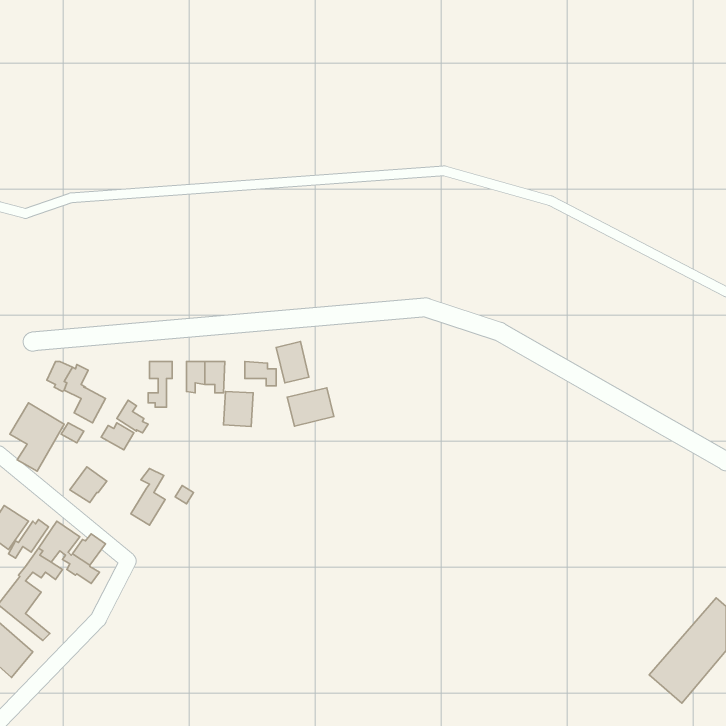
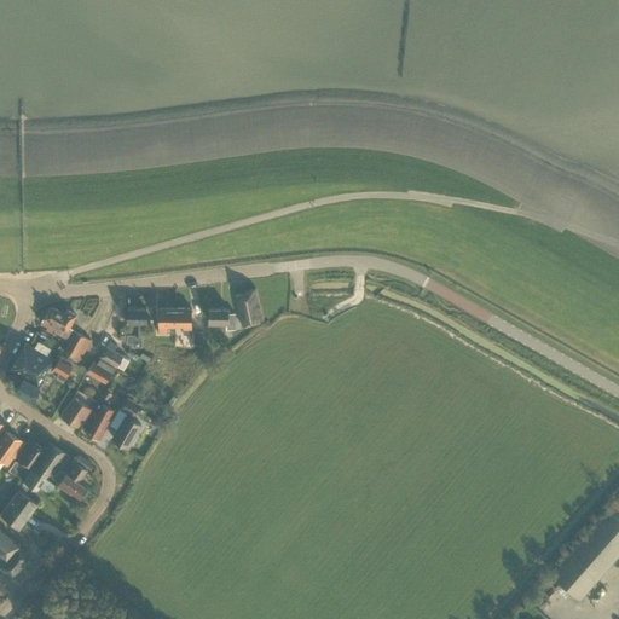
building: [287,388,334,426] -> none
building: [223,391,253,426] -> none
building: none -> [85,403,115,441]

